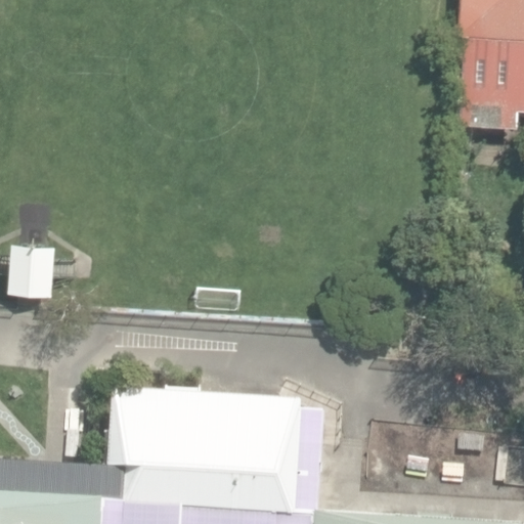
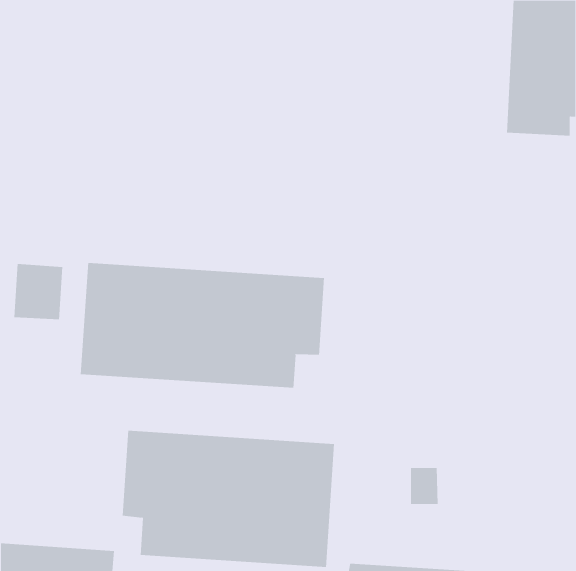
building: none -> [80,262,324,388]

